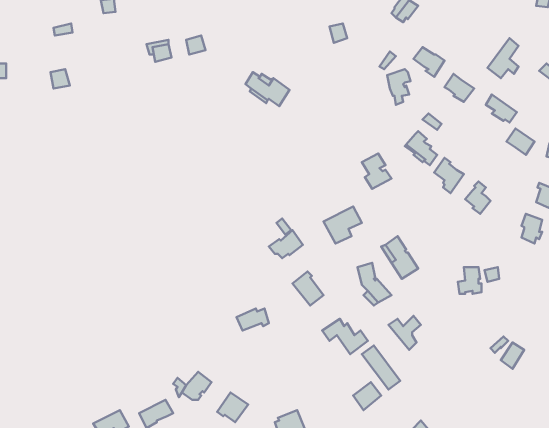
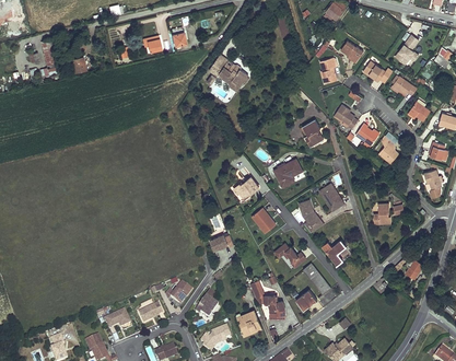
building: none -> [249,279,284,315]

